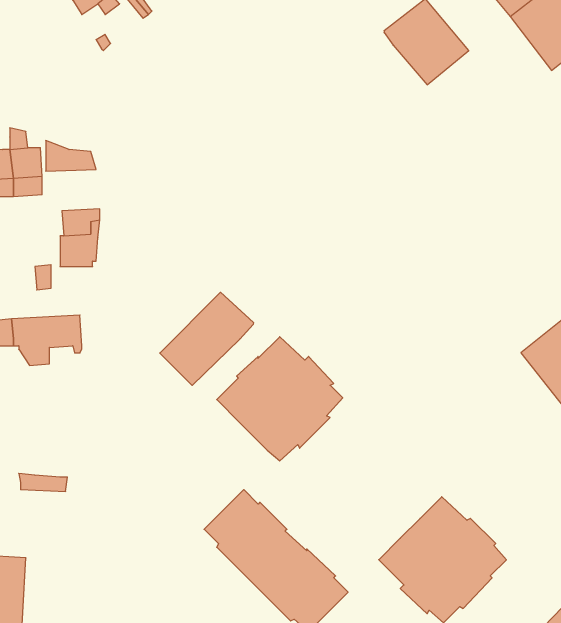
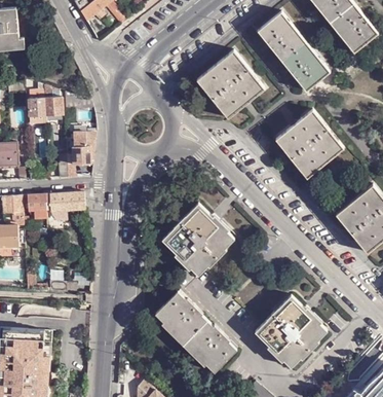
building: none -> [281,41,330,92]
building: none -> [195,49,264,118]
building: none -> [274,109,343,178]
building: [160,292,254,385] -> none

